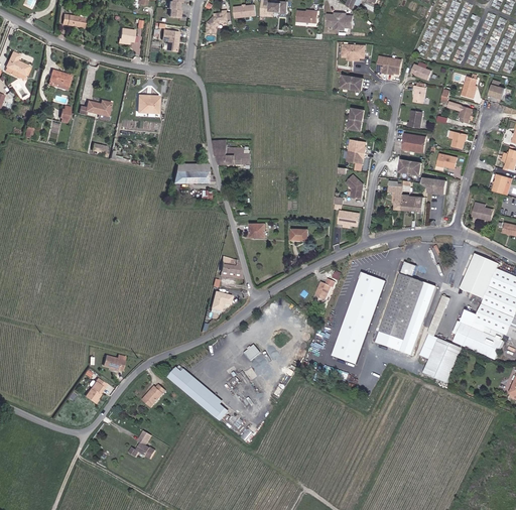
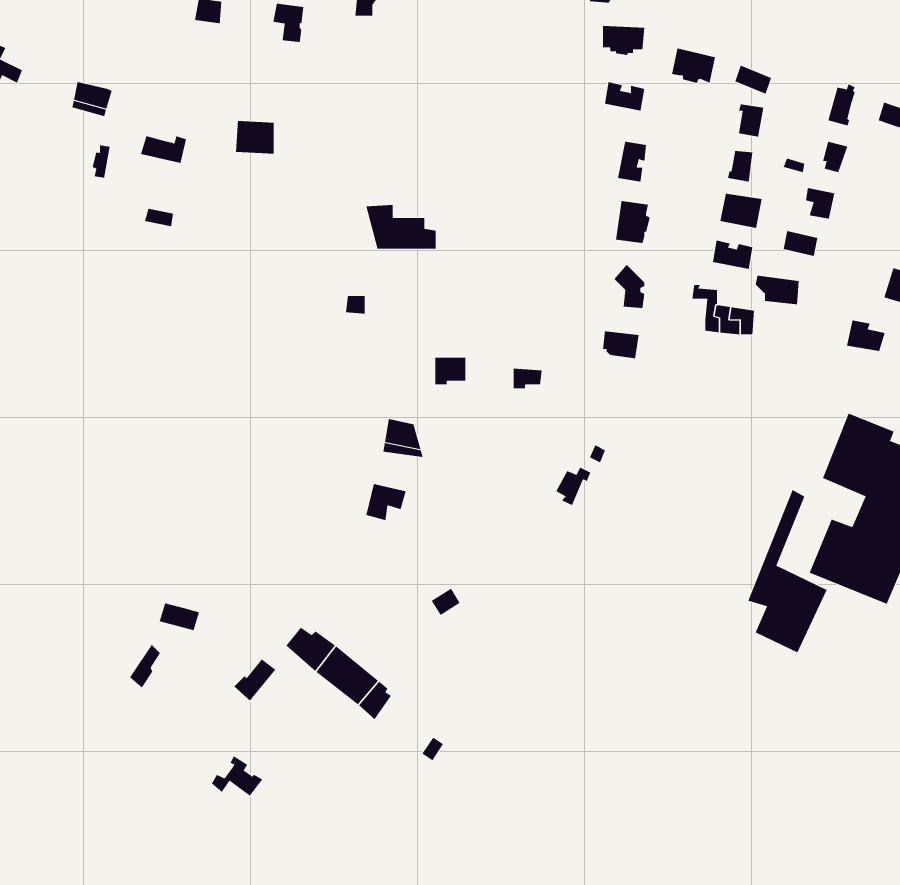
building: [175,162,219,181] -> none
building: [374,260,434,354] -> none
building: [332,272,383,363] -> none

